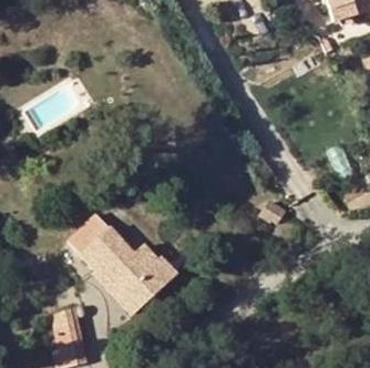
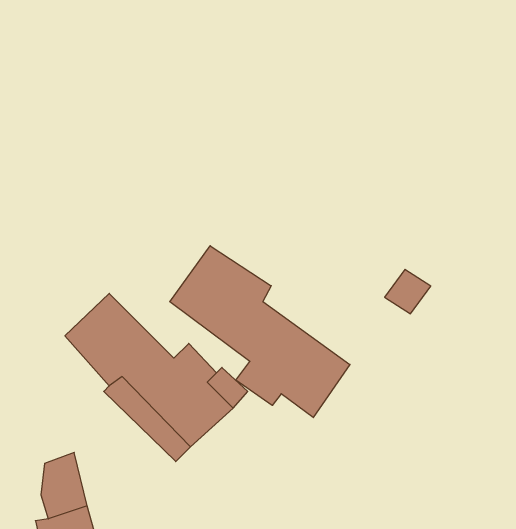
building: none -> [170,246,350,418]

